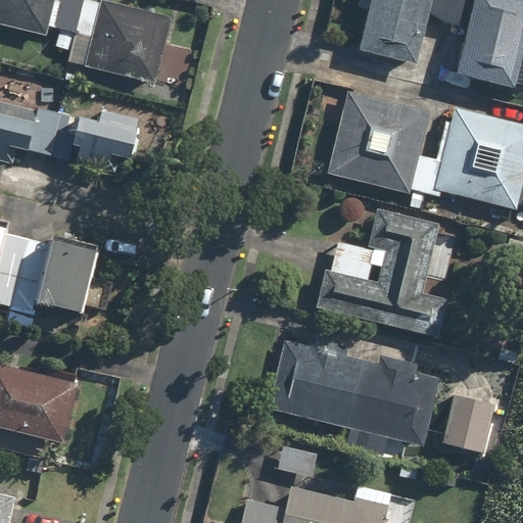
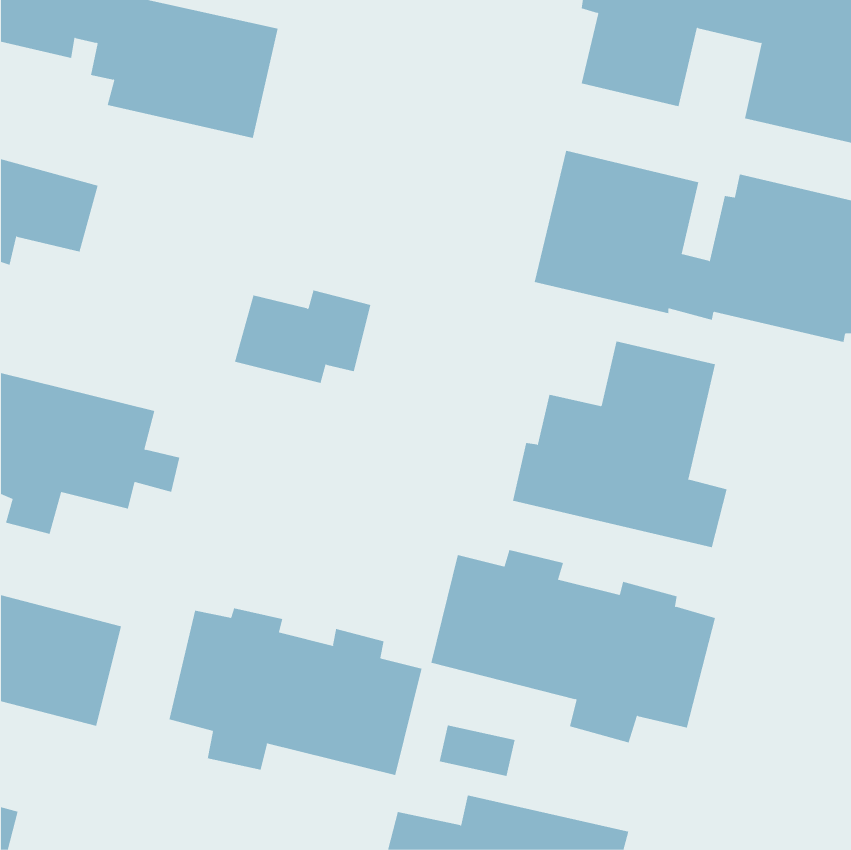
building: [50,110,134,168] -> [234,290,371,383]
building: none -> [169,608,422,776]
building: [441,394,493,451] -> none

